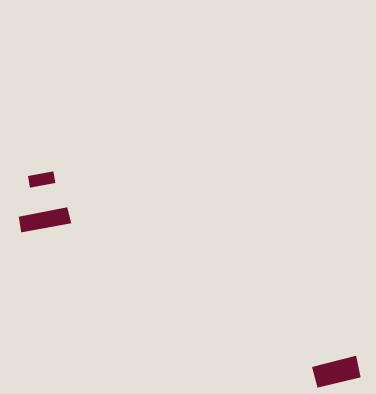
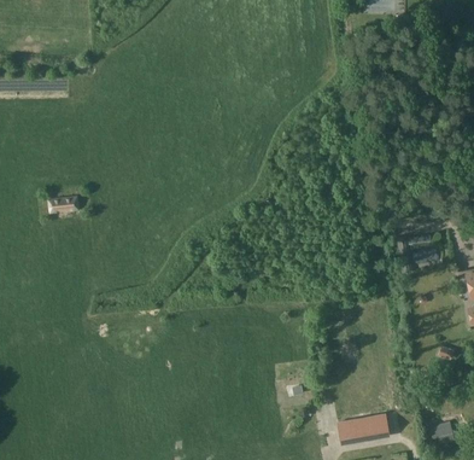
building: [18,206,72,233] -> none

